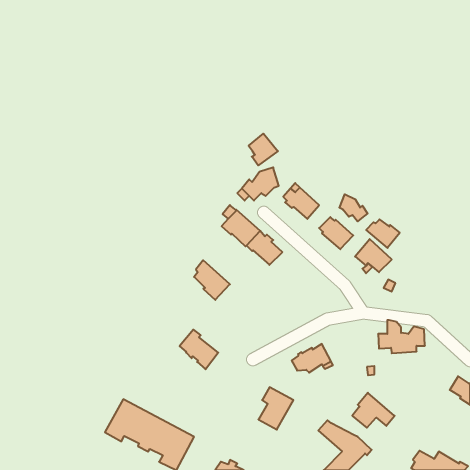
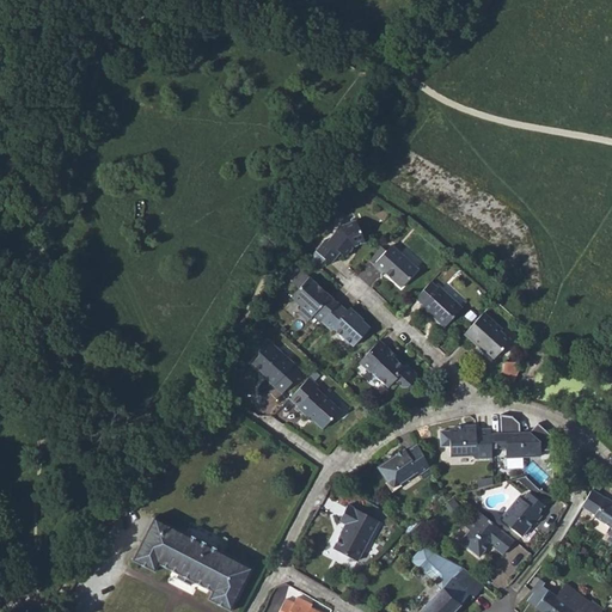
building: [249,134,278,165] -> none
building: [339,194,368,221] -> none
building: [366,219,400,248] -> none
building: none -> [356,337,414,382]
building: none -> [442,426,492,460]
building: [180,330,218,369] -> [288,378,338,429]
building: none -> [503,491,544,533]

